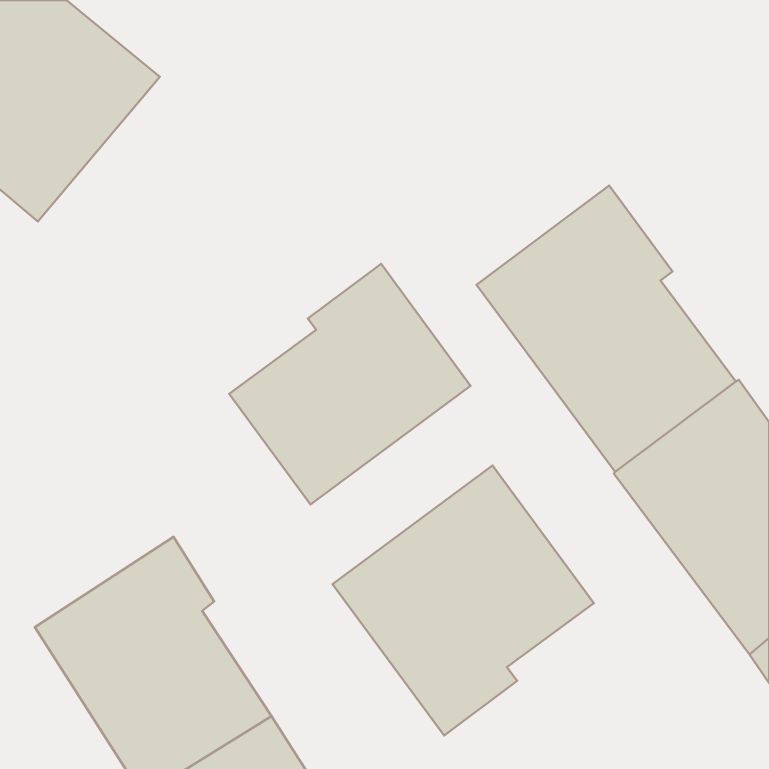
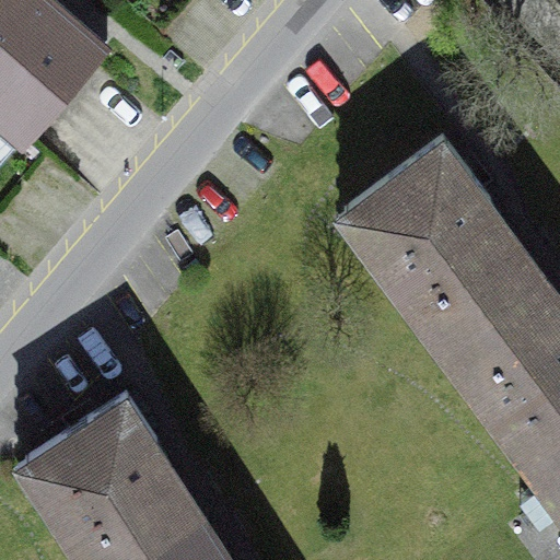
building: [229,264,471,505] -> none
building: [333,465,594,735] -> none

